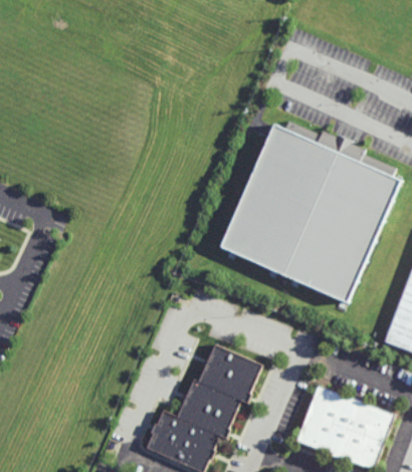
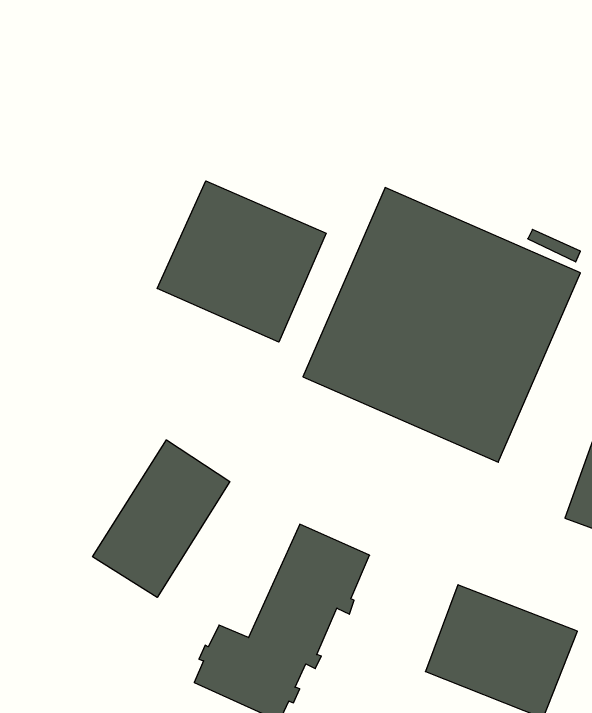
building: none -> [157,181,326,342]
building: none -> [93,440,230,597]

